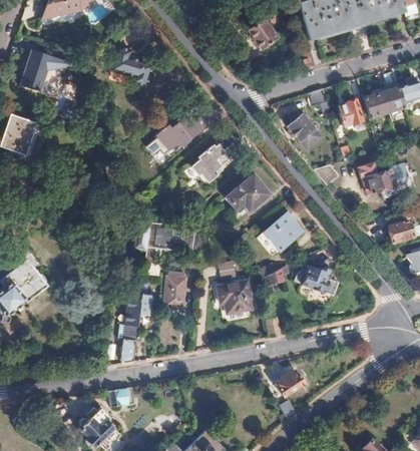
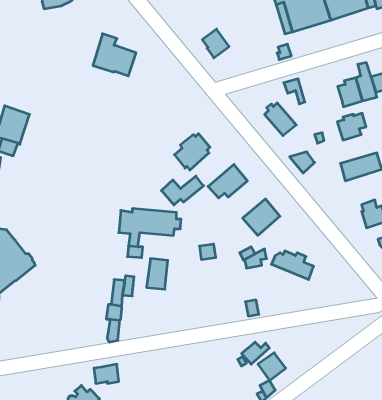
building: [249,18,277,48] -> [202,29,229,58]
building: [18,48,52,93] -> none
building: [339,98,369,126] -> [337,113,366,140]
building: [157,120,201,150] -> [161,176,204,205]
building: [221,280,254,313] -> none

